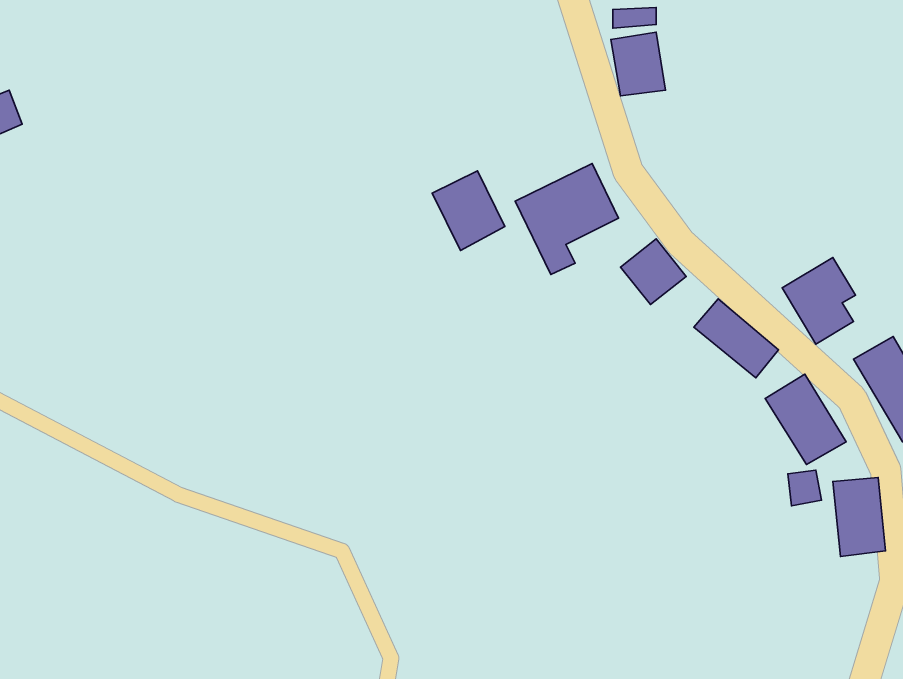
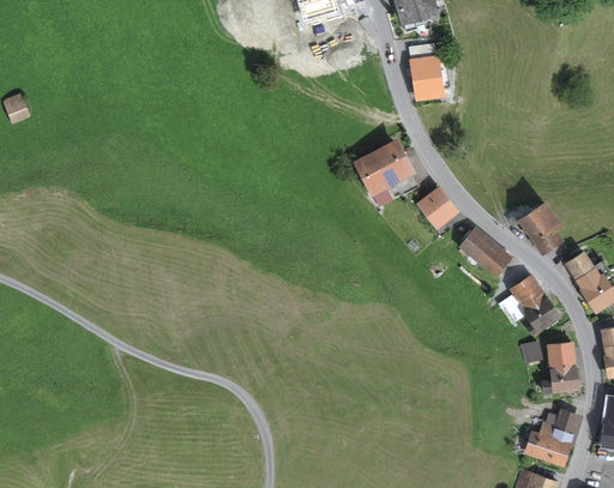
building: [432,171,505,250] -> none
building: none -> [530,408,585,464]

